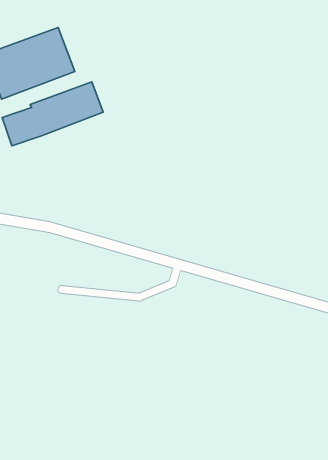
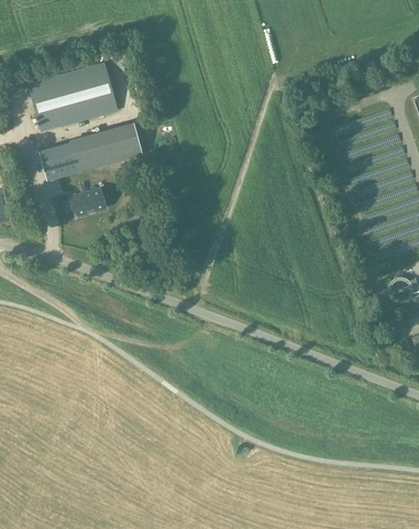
building: none -> [71,188,104,216]

